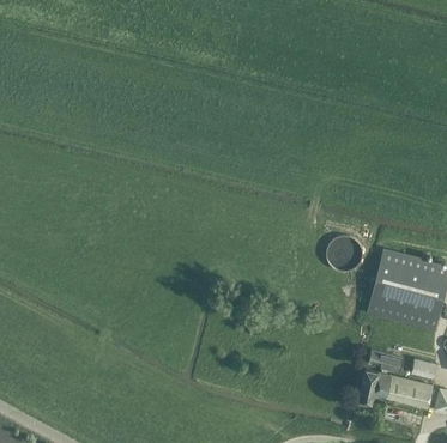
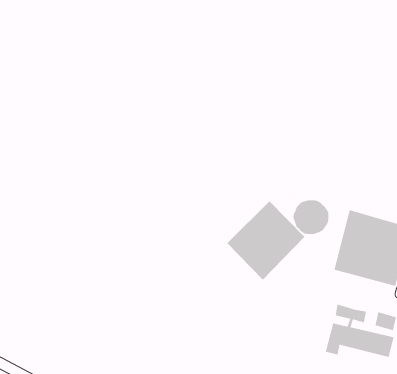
building: none -> [227,200,305,280]

